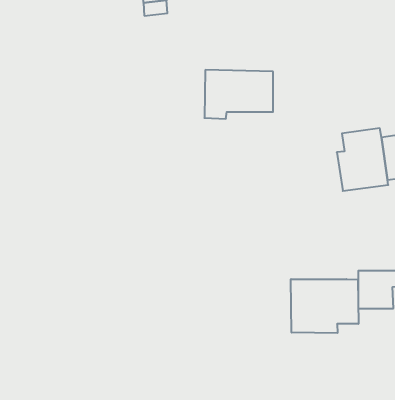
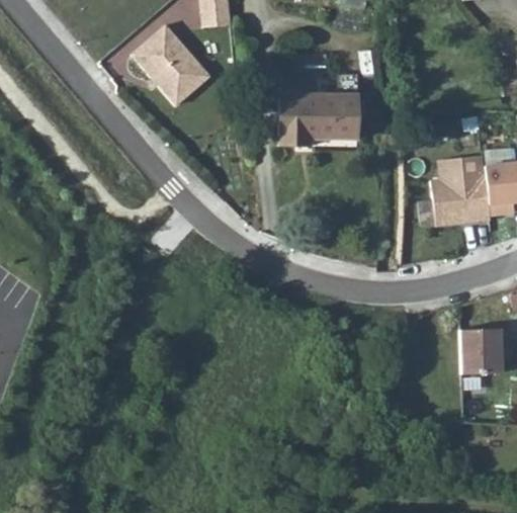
building: none -> [134,22,211,102]
building: [291,279,358,333] -> none

